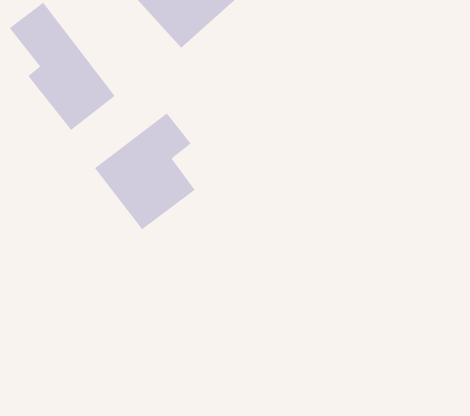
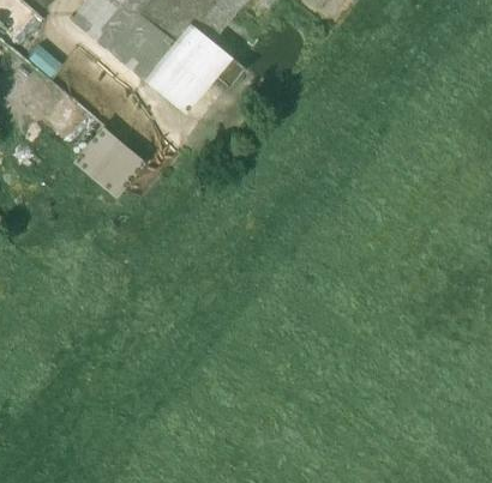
building: [94,112,196,230] -> none

